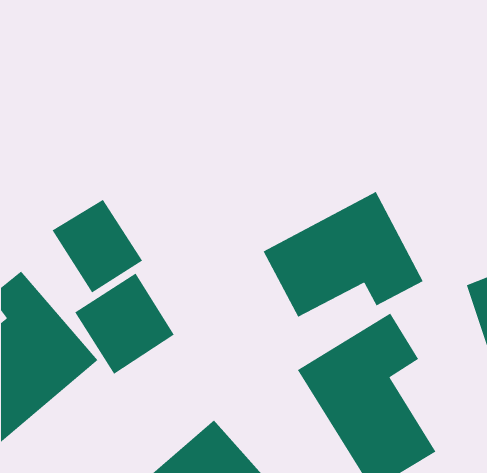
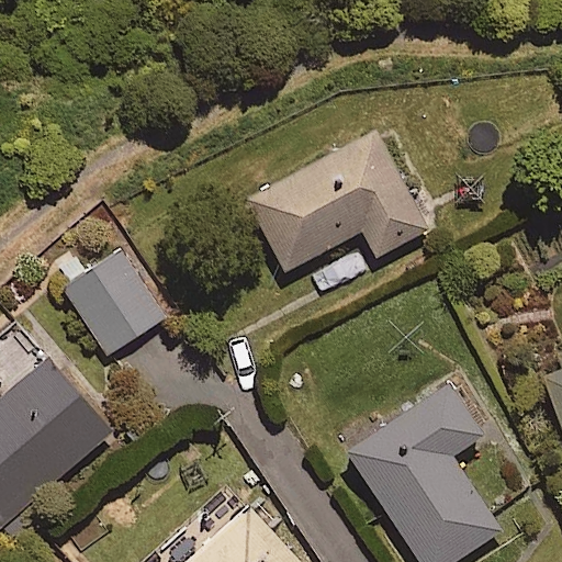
building: [263,191,424,318] -> [243,123,428,269]
building: [74,273,175,375] -> none

